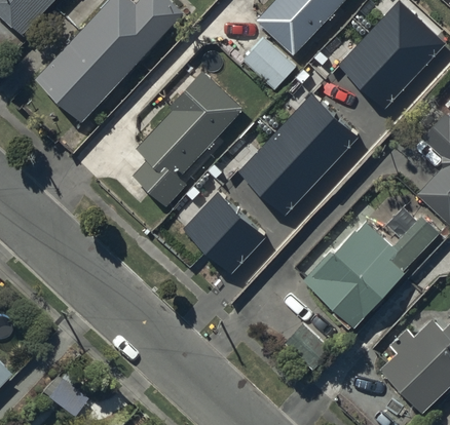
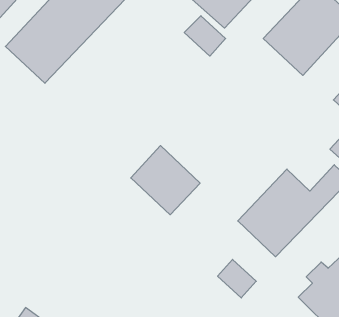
building: [134,71,245,205] -> none
building: [237,92,359,216] -> none

